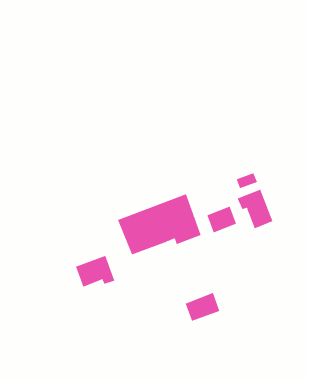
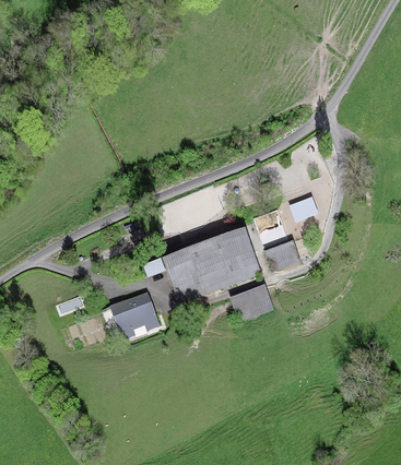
building: [237,189,273,229] -> none
building: [185,292,220,321] -> [233,287,273,321]

